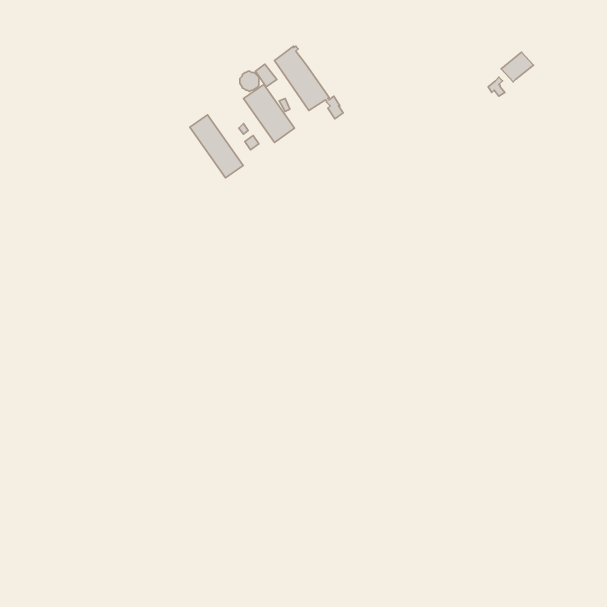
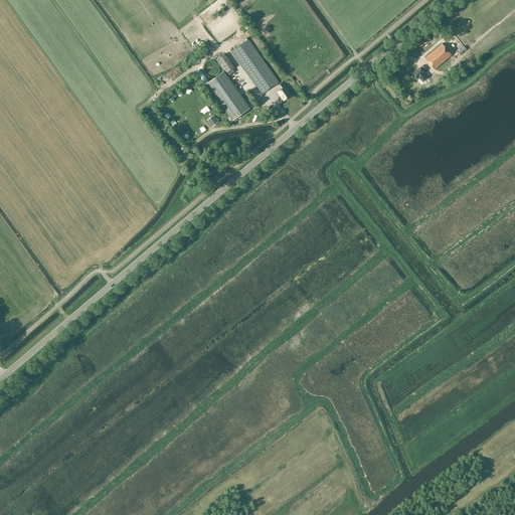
building: [190,115,243,178] -> none

